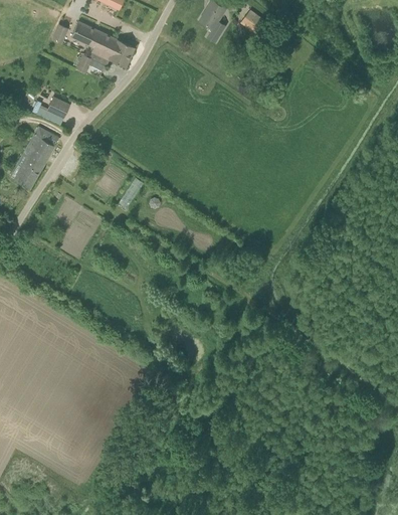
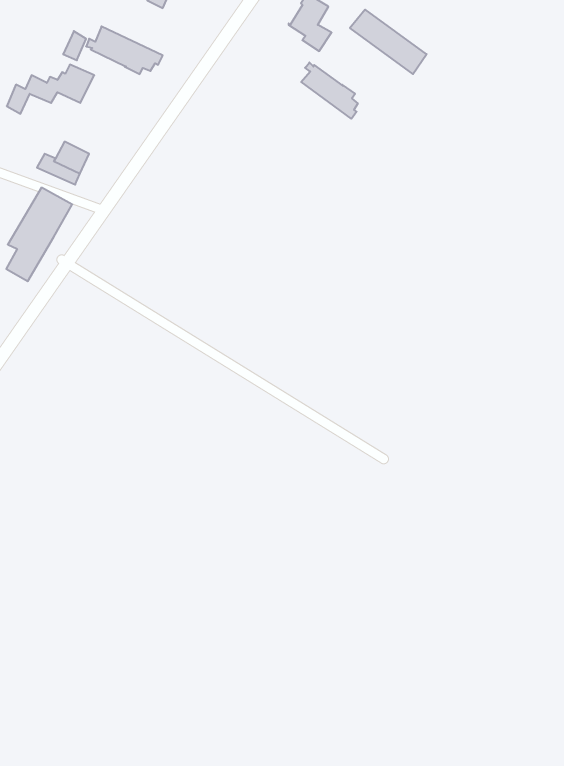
building: [75,40,133,72] -> [7,65,94,114]
building: none -> [301,62,358,119]

